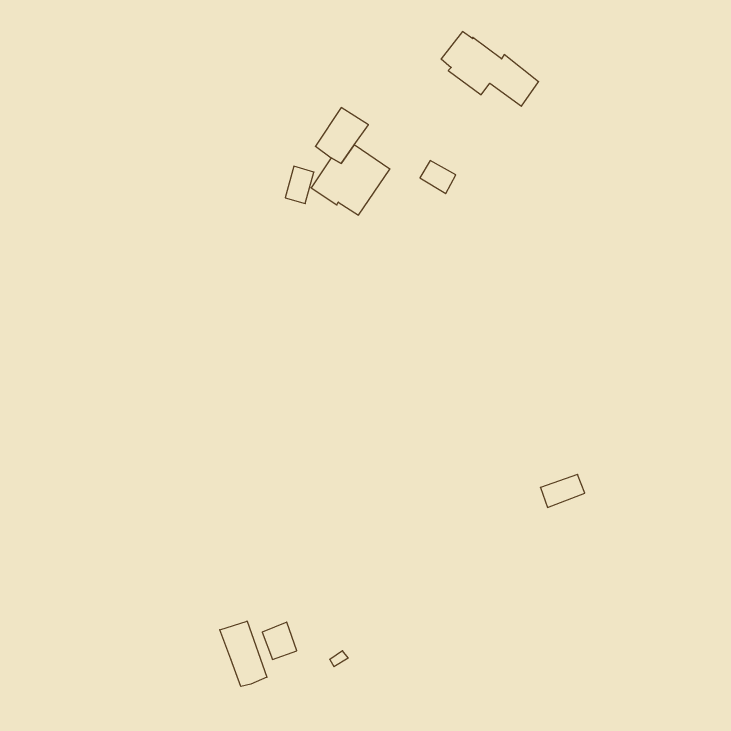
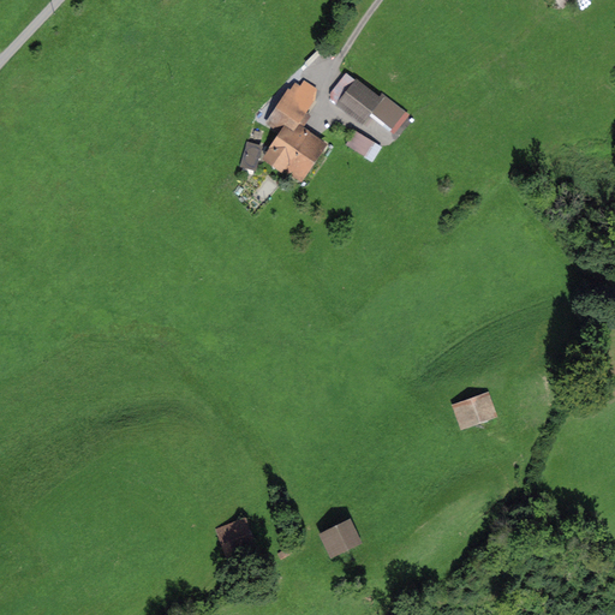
building: [441,32,539,106] -> [328,72,410,135]
building: [220,621,267,686] -> none
building: none -> [321,524,357,554]

